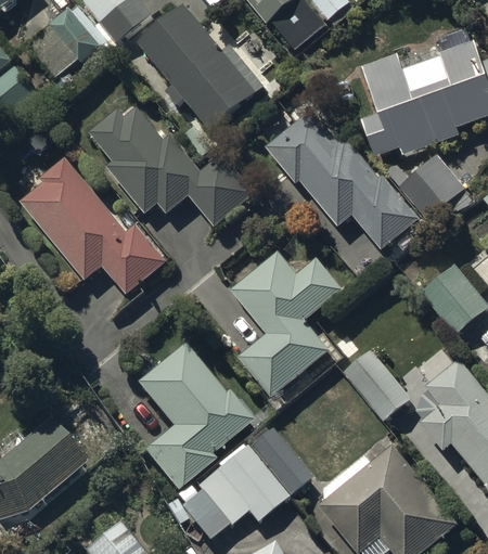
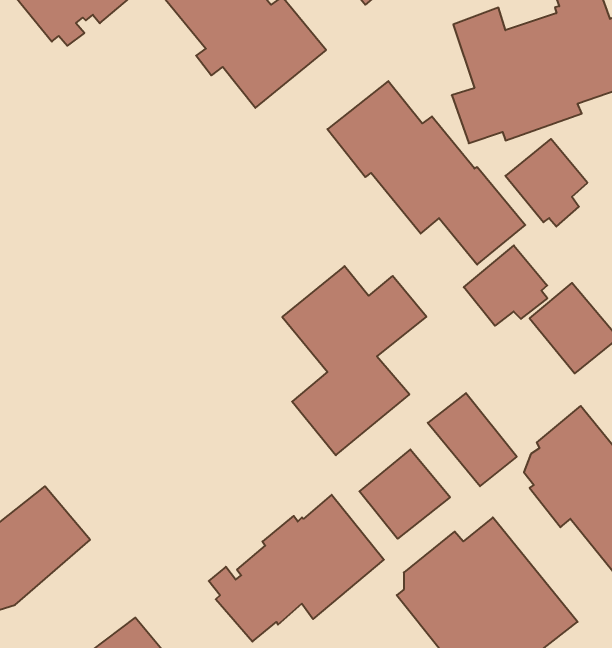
building: [89,106,254,224] -> none
building: [20,157,166,294] -> none
building: none -> [464,245,547,326]
building: [134,345,251,490] -> none
building: none -> [359,449,450,539]

